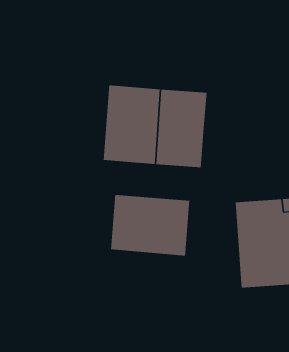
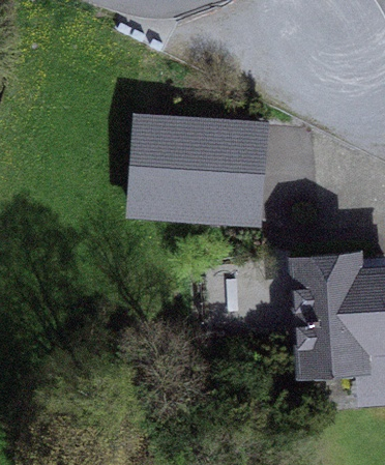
building: [111,194,190,257] -> none

